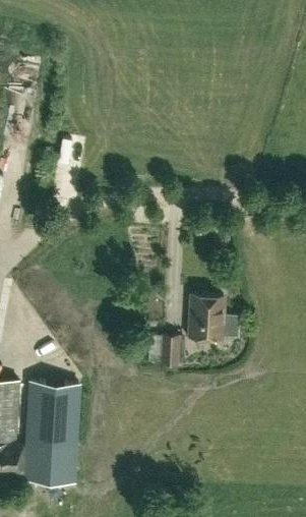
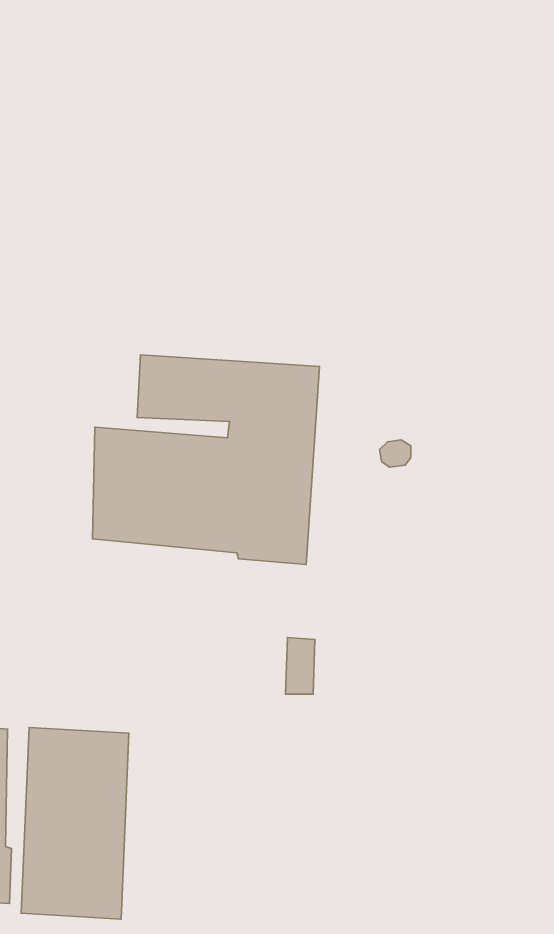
building: none -> [93,355,319,564]
building: [189,294,238,339] -> none

